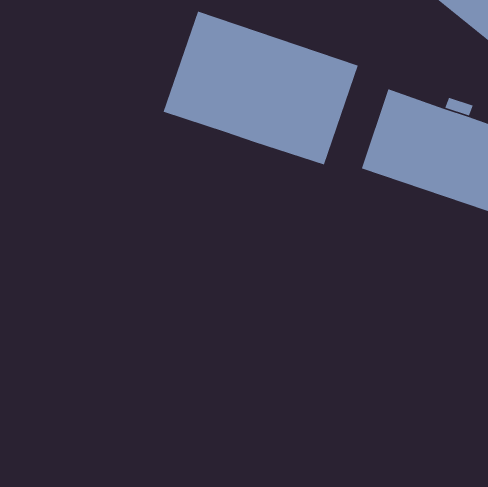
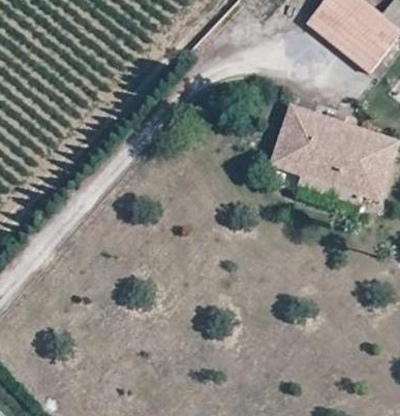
building: [163,11,359,165] -> none

